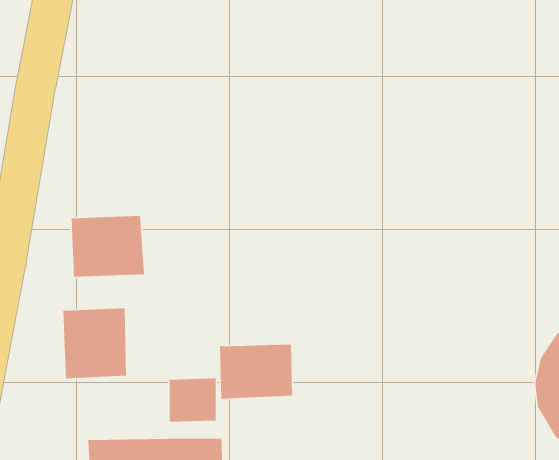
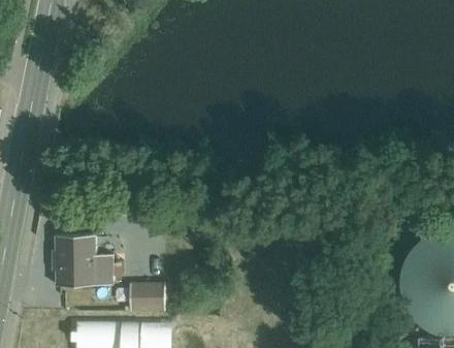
building: [71,215,145,277] -> none
building: [219,344,293,399] -> none

